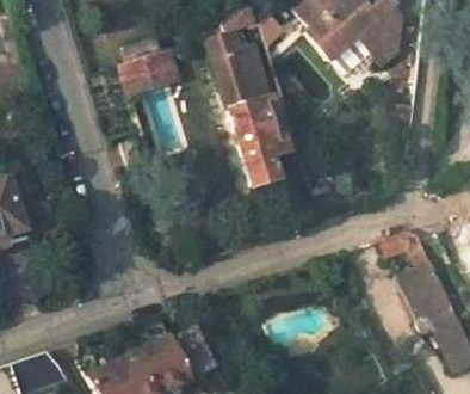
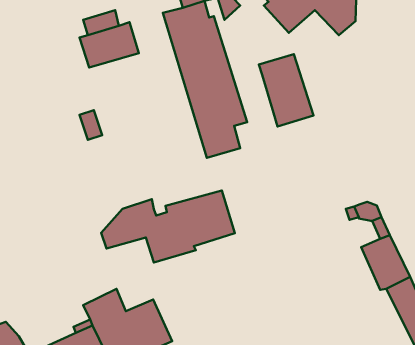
building: none -> [259,54,314,126]
building: none -> [101,190,235,262]

